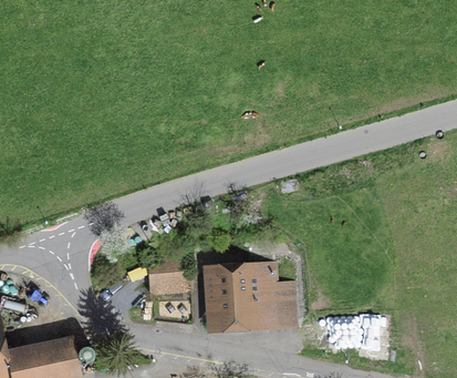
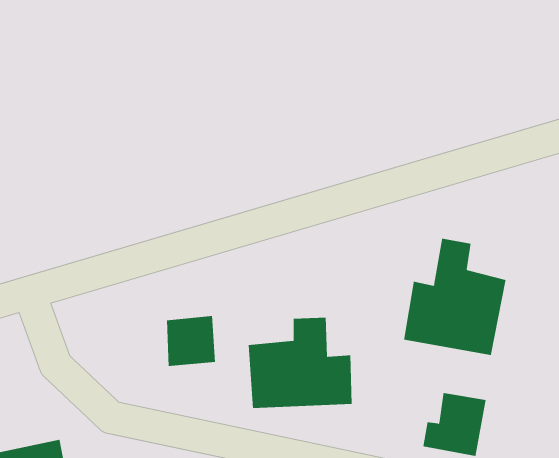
building: none -> [403,238,506,356]

